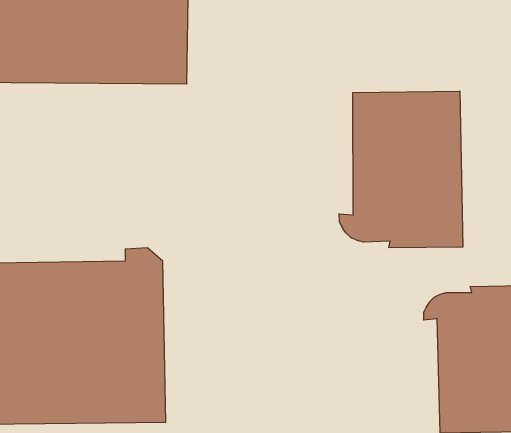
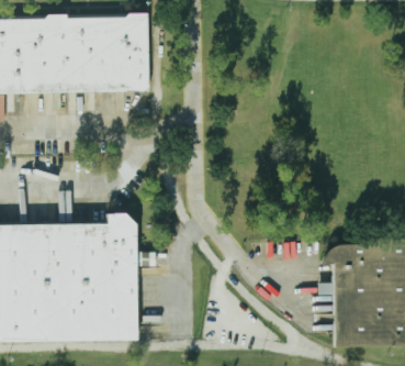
building: [339,91,463,248] -> none

